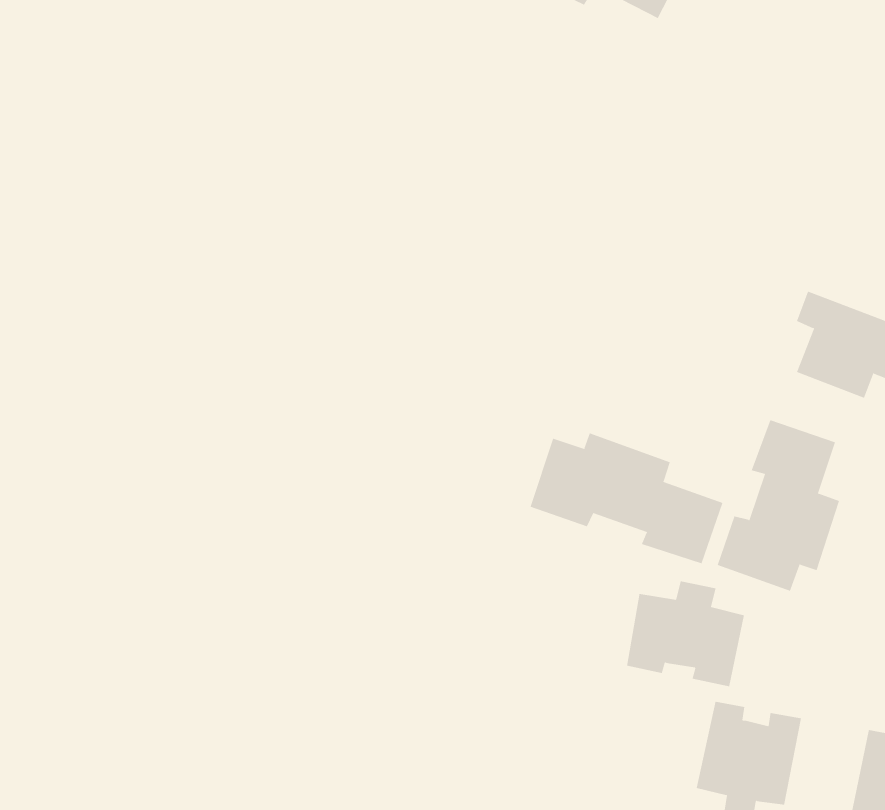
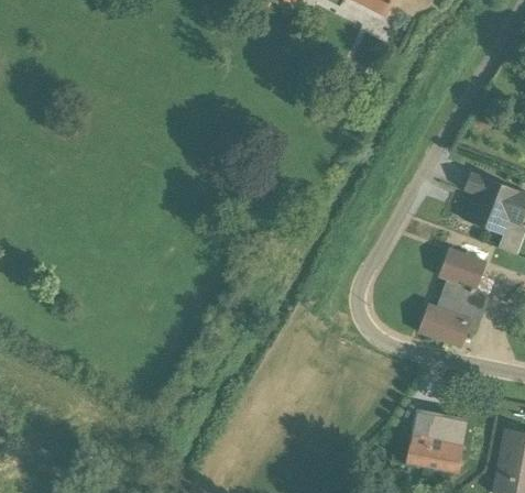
building: [530,432,723,564] -> none
building: [626,580,745,687] -> none

